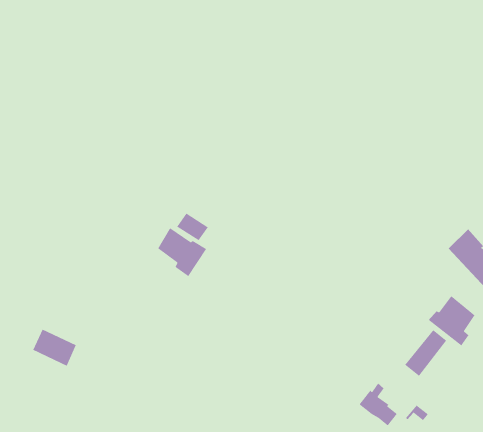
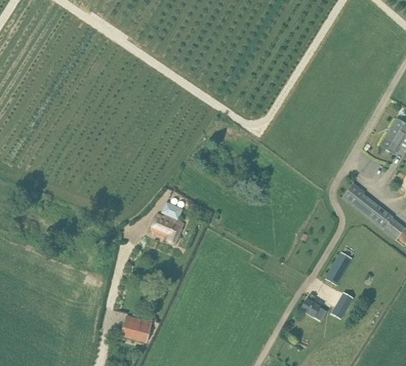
building: [428,295,476,347] -> none
building: [32,328,77,367] -> [122,319,151,341]

